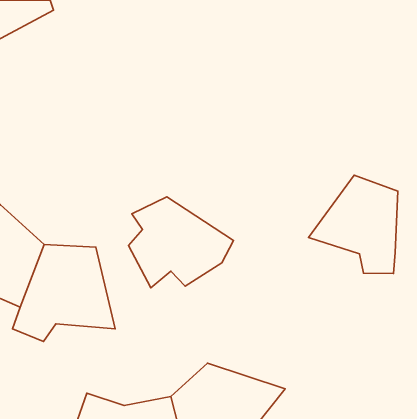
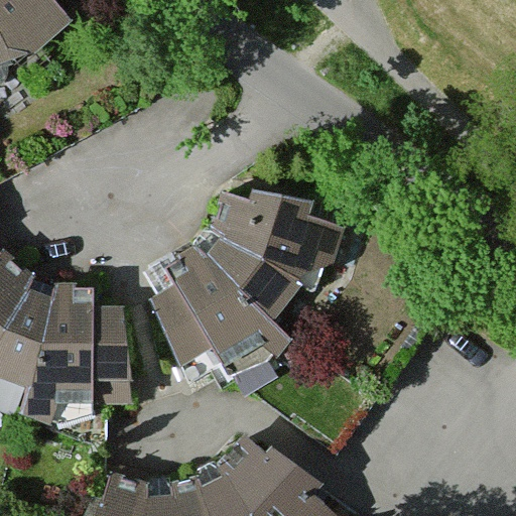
building: none -> [202,189,340,299]
building: [308,175,398,273] -> none

